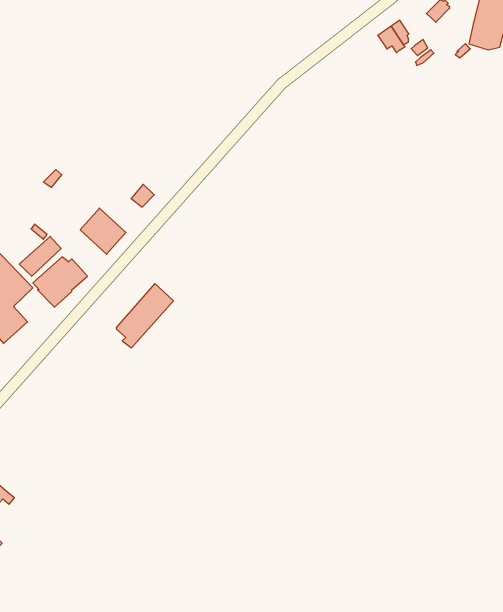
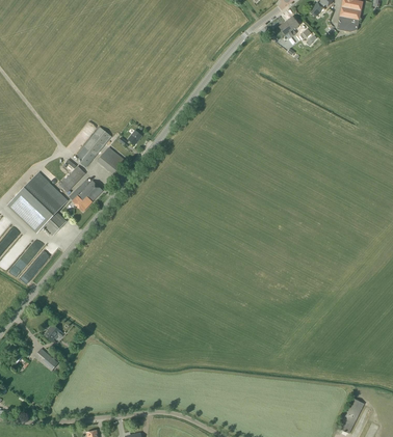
building: [116,284,174,348] -> [76,126,111,167]

